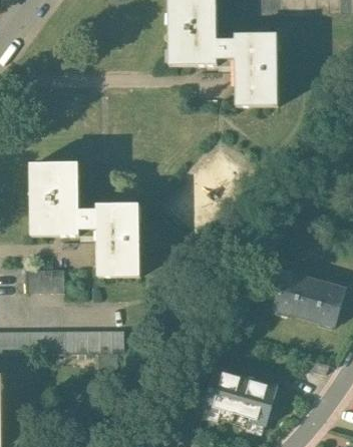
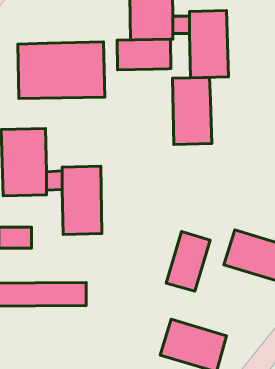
building: none -> [117,39,171,70]
building: none -> [18,42,105,99]
building: none -> [173,77,212,145]
building: none -> [166,231,210,291]

